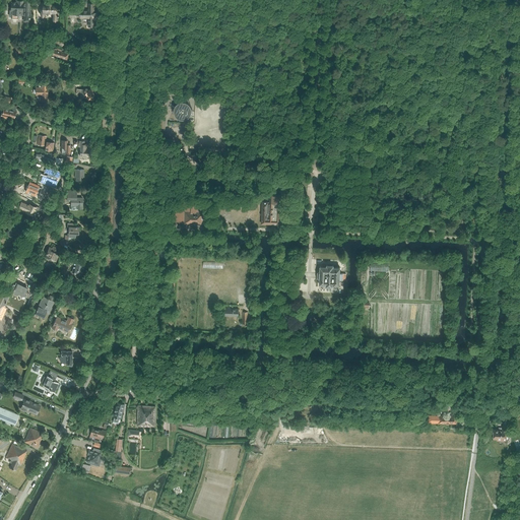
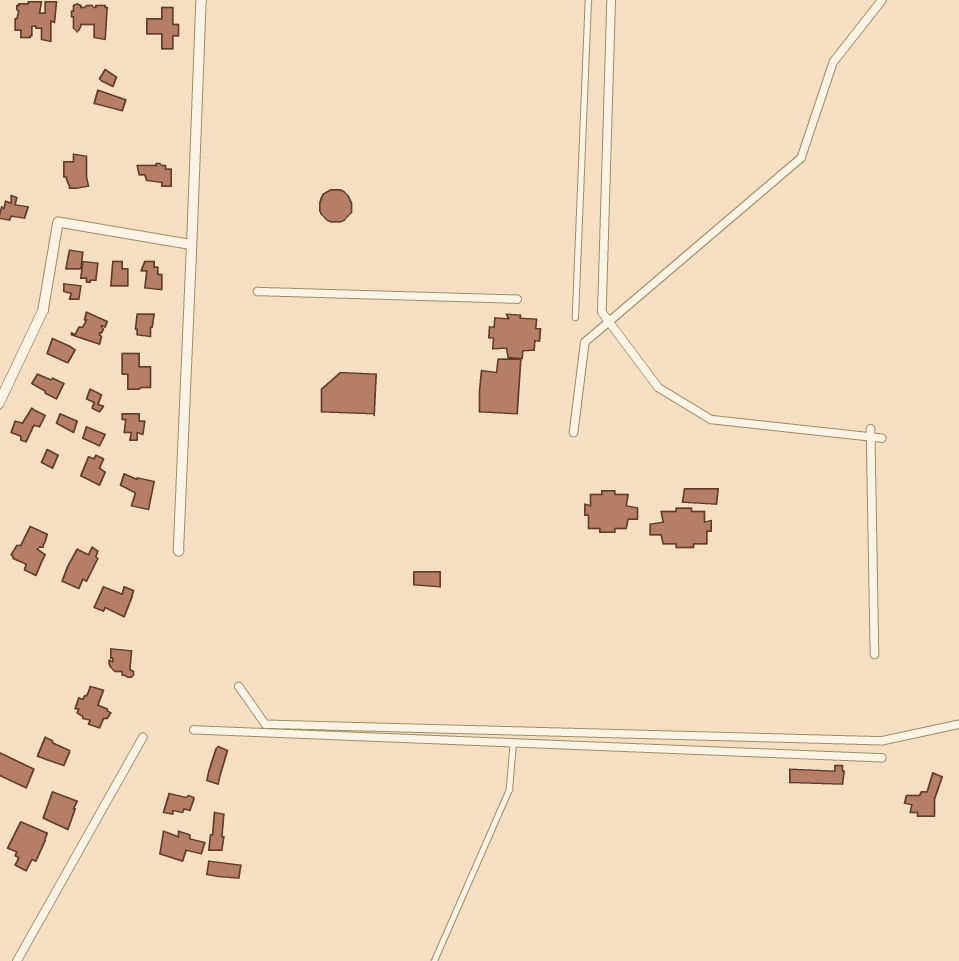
building: none -> [489,314,540,359]
building: none -> [650,508,711,547]
building: [136,405,154,428] -> none

